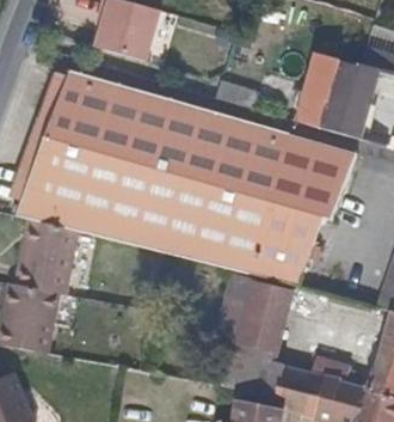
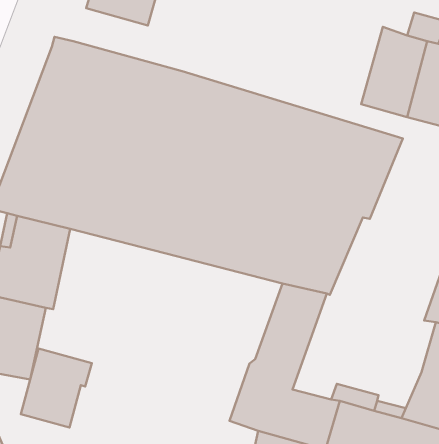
building: [291,56,339,128] -> none
building: none -> [21,348,92,428]

